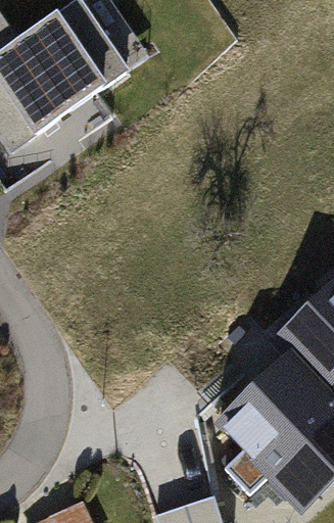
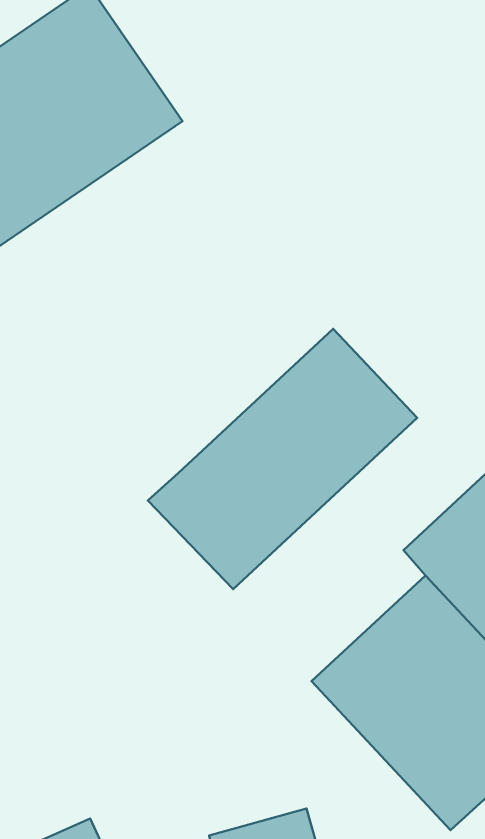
building: none -> [148,329,417,589]

